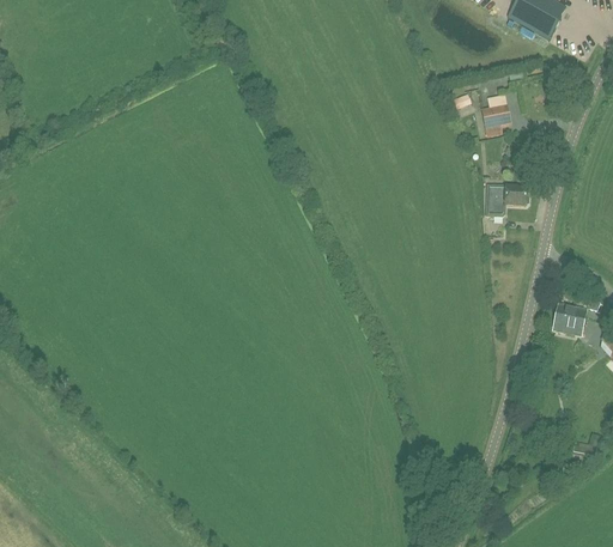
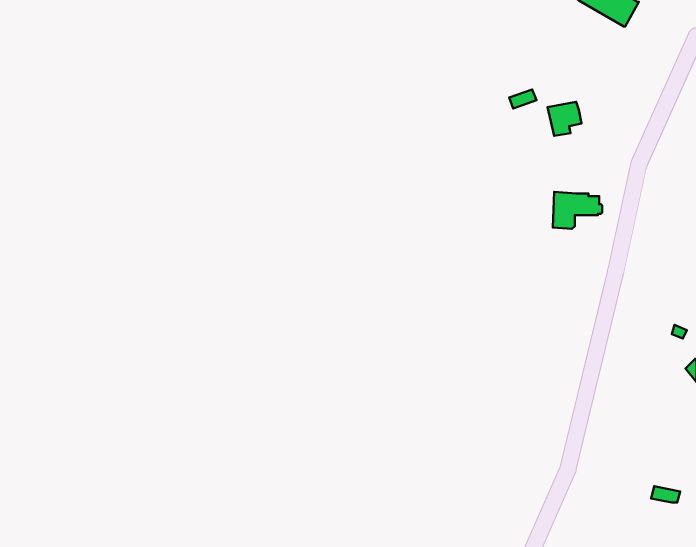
building: [552,303,585,334] -> none

